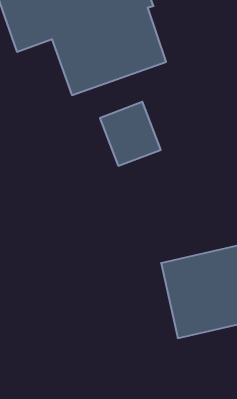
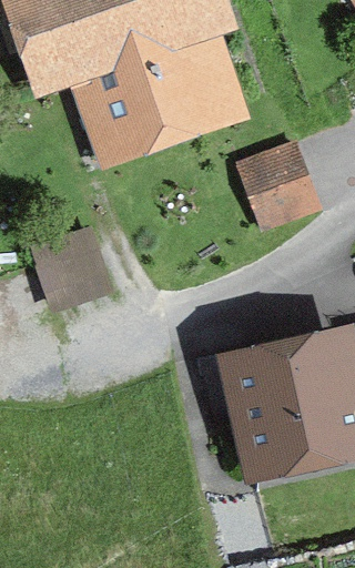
building: [100,102,161,166] -> [234,146,315,232]
building: none -> [33,221,115,302]

